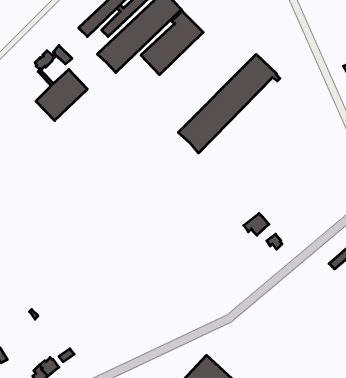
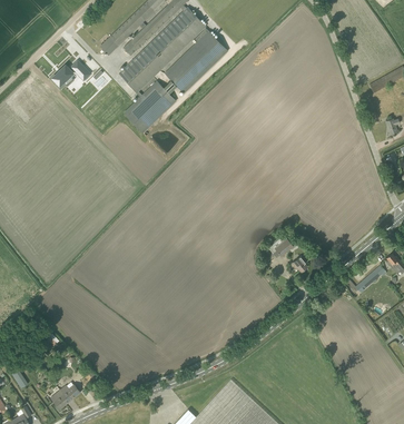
building: [178,54,280,153] -> none
building: [36,69,87,121] -> [122,81,175,134]

